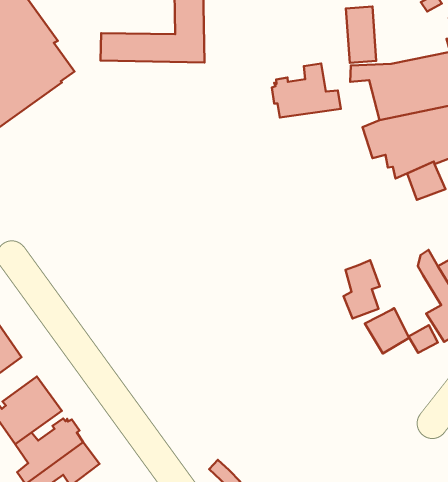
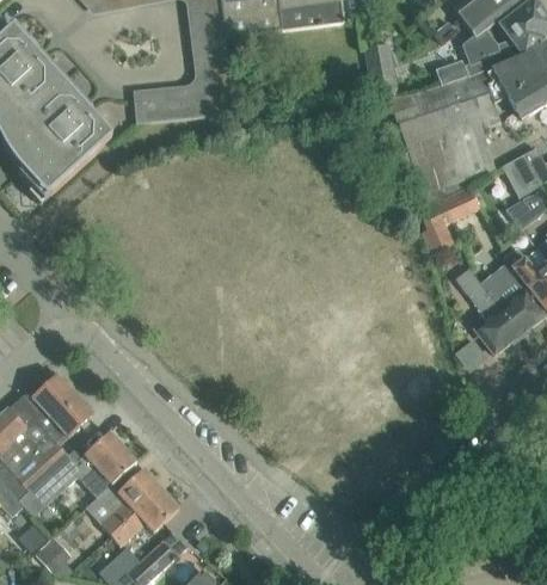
building: [272,64,341,117] -> none
building: [344,260,380,318] -> [417,196,453,253]
building: [365,308,409,353] -> none

